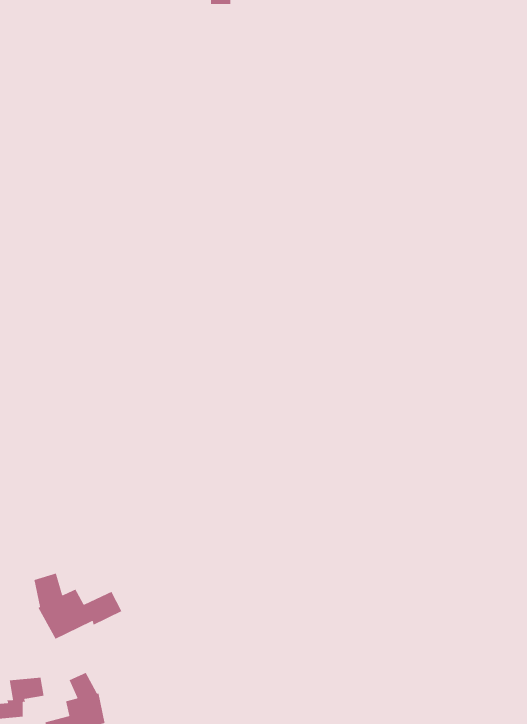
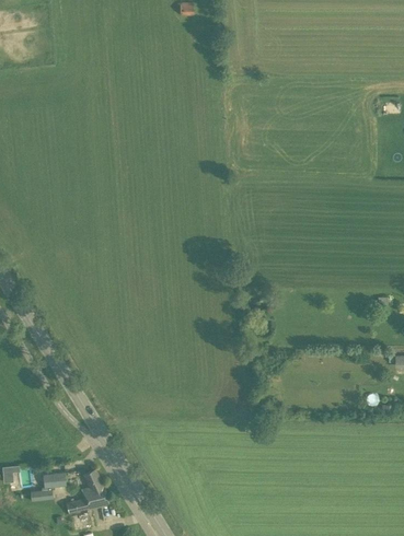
building: [33,573,122,640] -> none

